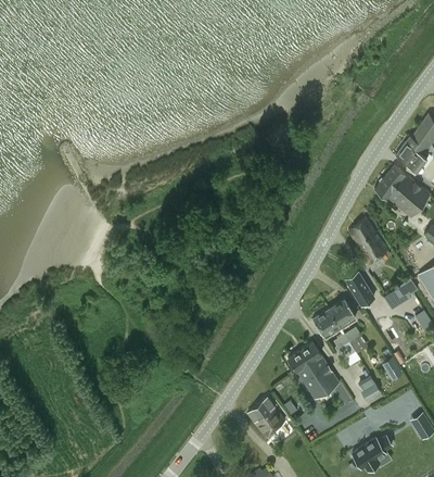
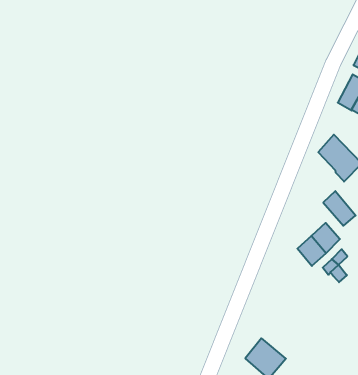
building: [289,343,339,397] -> none

